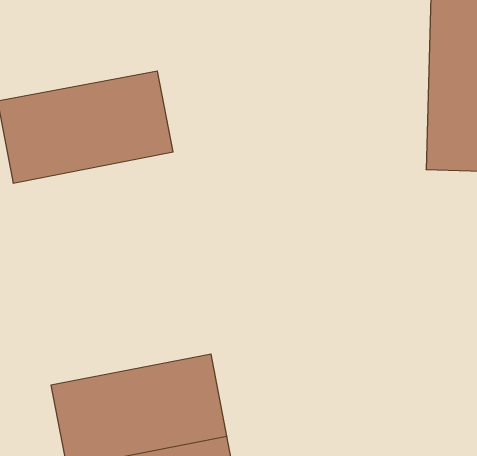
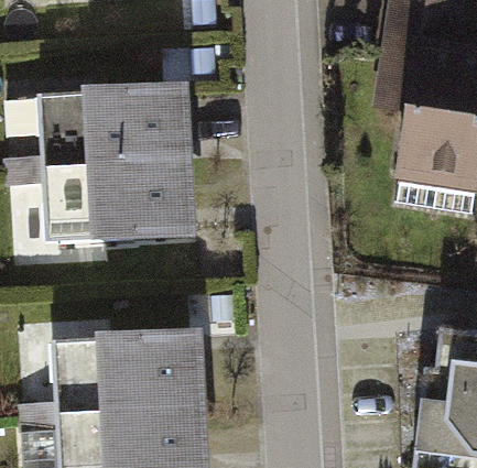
building: none -> [45,154,189,236]

